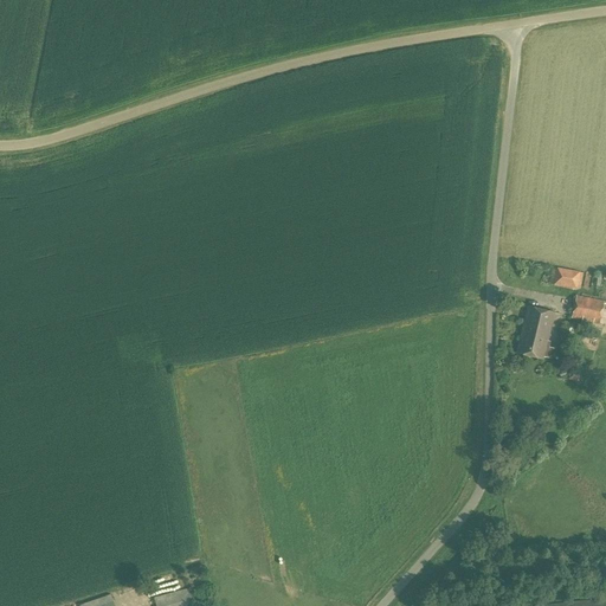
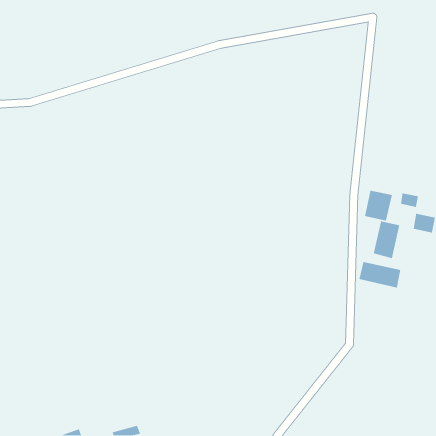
building: none -> [364,190,393,222]
building: none -> [358,261,401,288]

